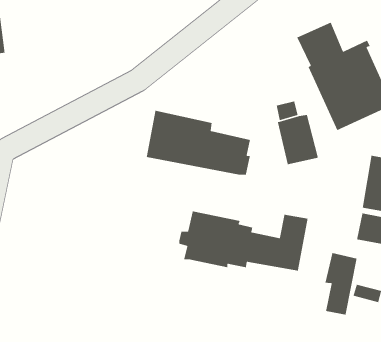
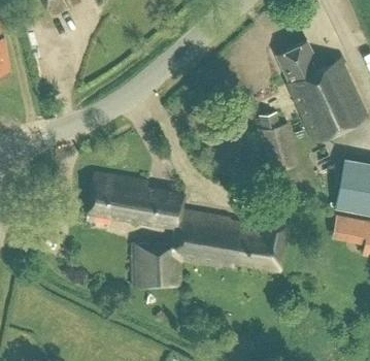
building: [146,110,251,176] -> [87,171,182,231]
building: none -> [130,240,181,289]
building: [325,252,358,315] -> none

